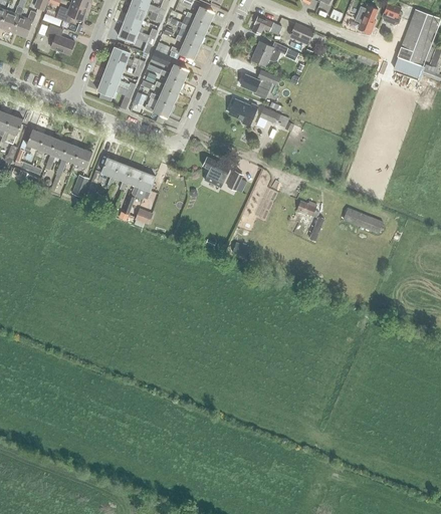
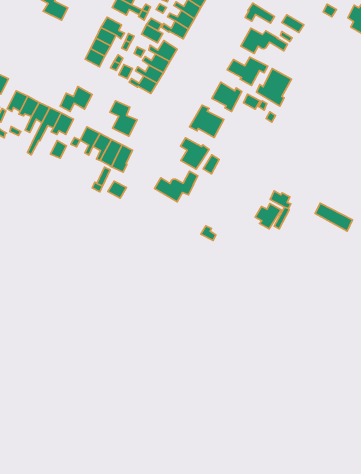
building: none -> [256,68,292,106]
building: none -> [60,87,92,111]
building: none -> [190,105,224,138]
building: none -> [110,101,137,136]
building: none -> [155,171,198,202]

